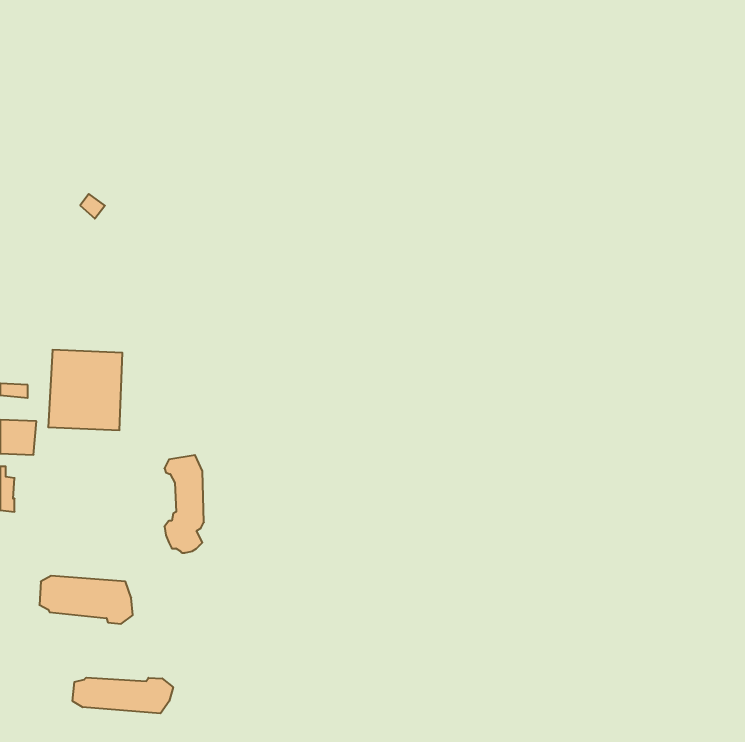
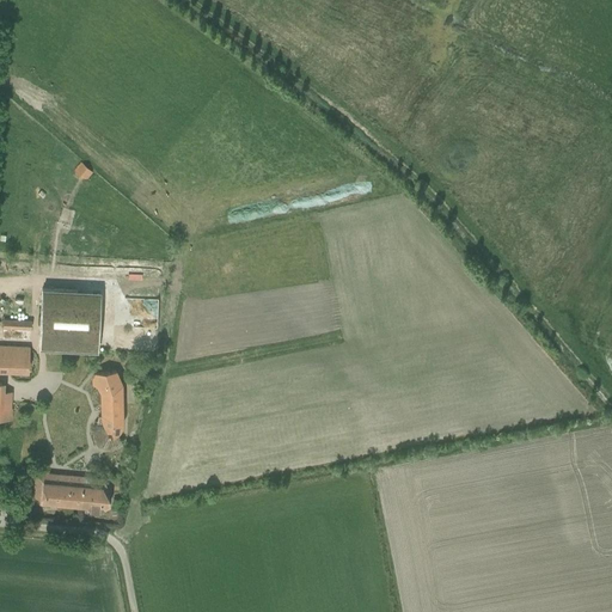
building: [164,455,204,553] -> [91,372,123,452]
building: [73,678,173,713] -> none

